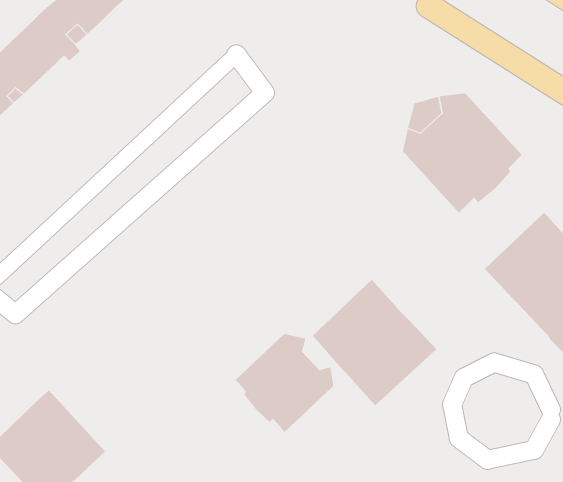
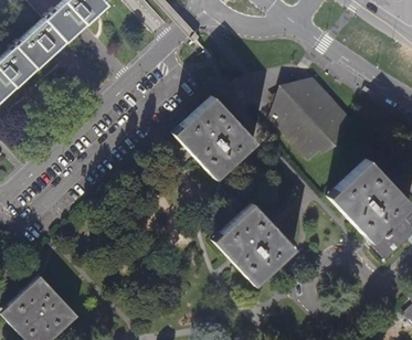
building: none -> [171,96,254,179]
building: [235,333,334,433] -> none

